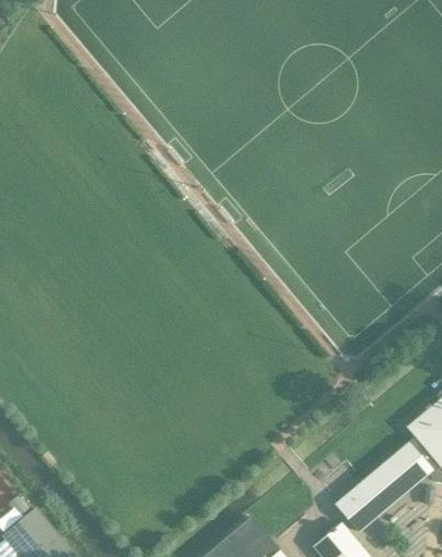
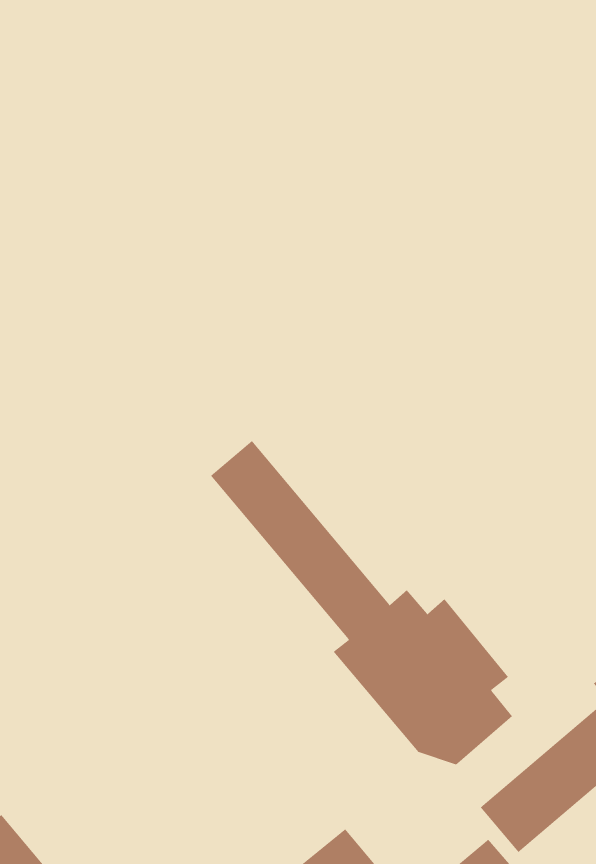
building: none -> [210,440,513,765]

